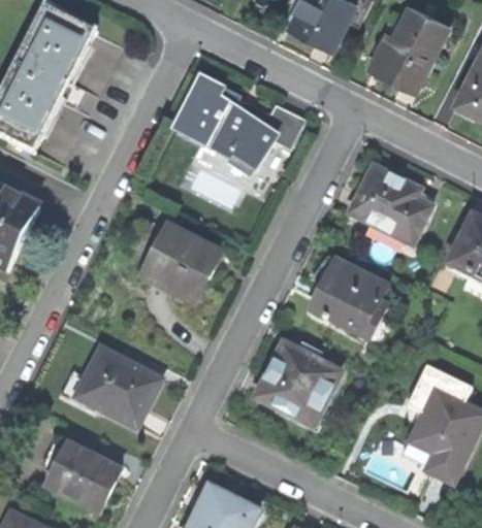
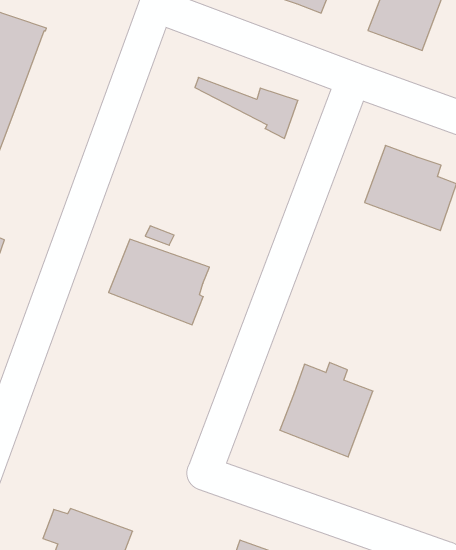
building: [175,78,276,167] -> none
building: [309,256,388,338] -> none
building: [59,349,160,428] -> none

